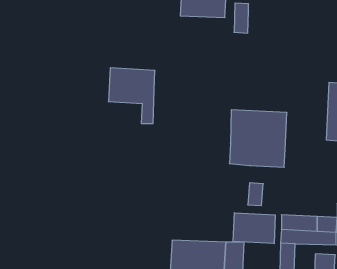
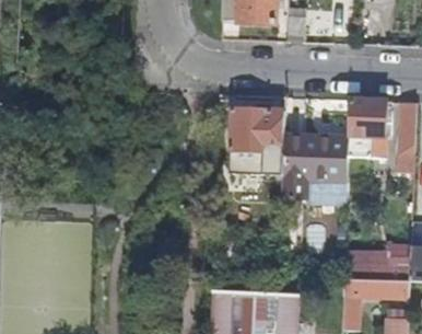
building: [108,68,155,123] -> [228,107,284,174]
building: none -> [349,99,387,157]
building: [233,213,275,244] -> none

